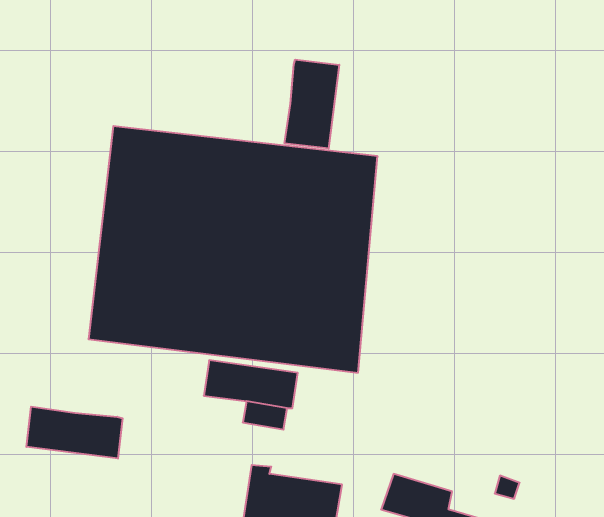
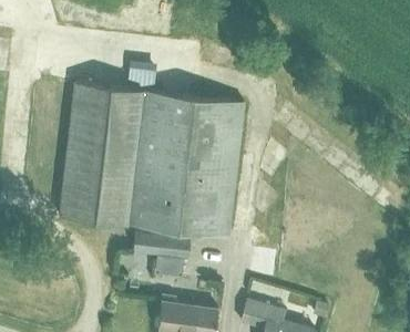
building: [285,60,339,149] -> none
building: [26,407,123,459] -> none

